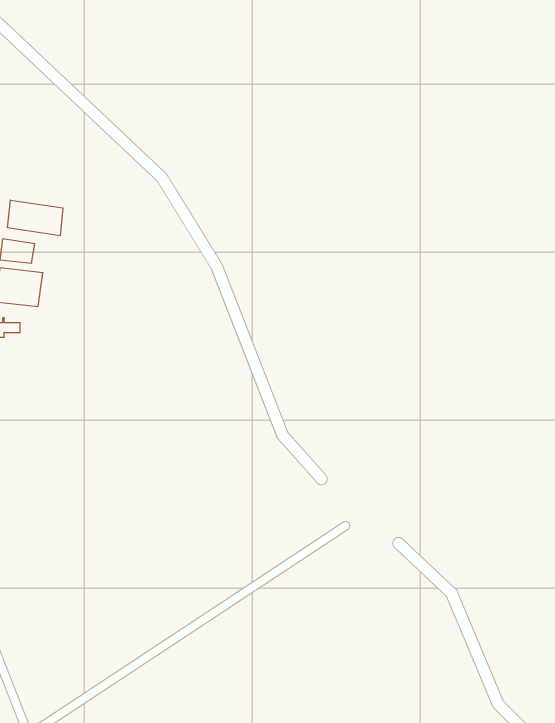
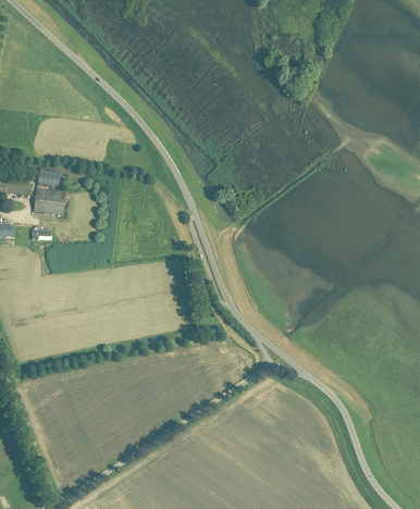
building: [8,200,63,236] -> none

